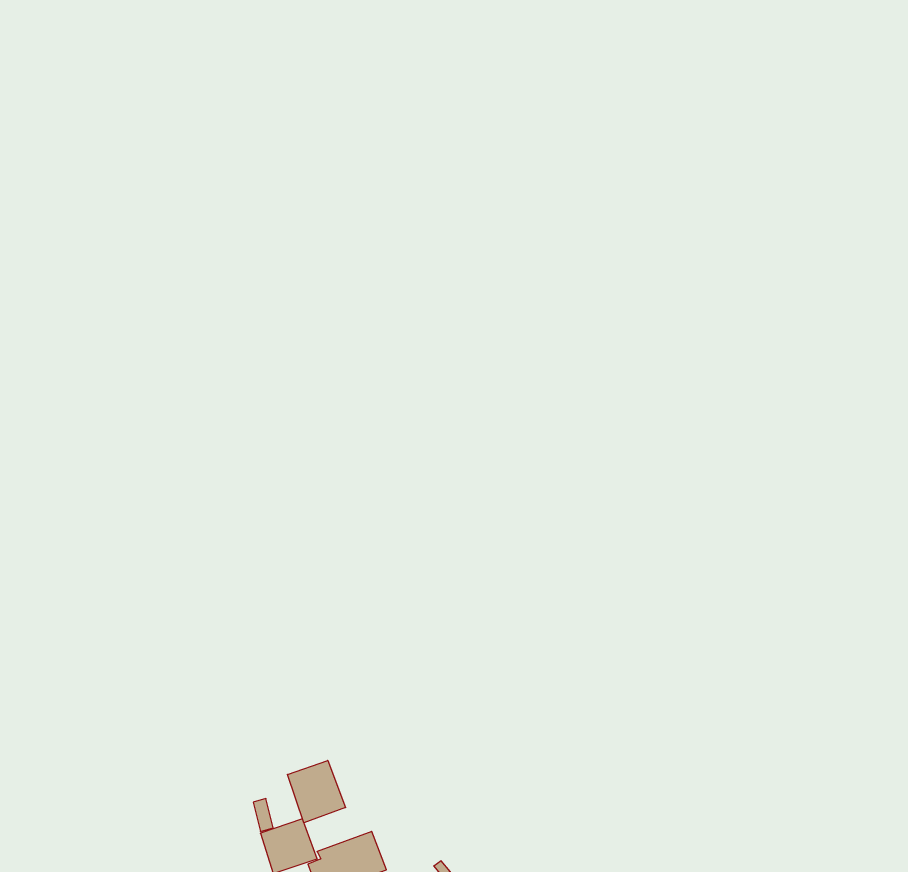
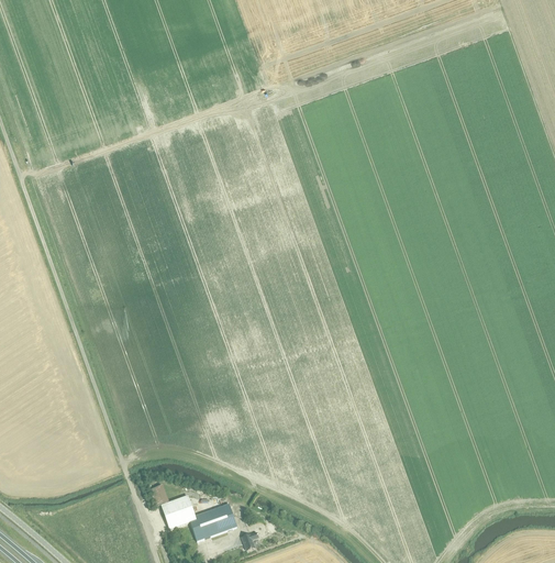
building: [287,760,346,823] -> none

